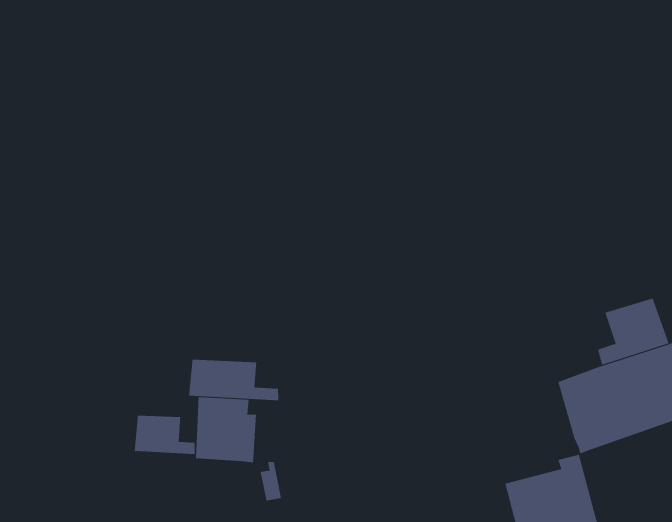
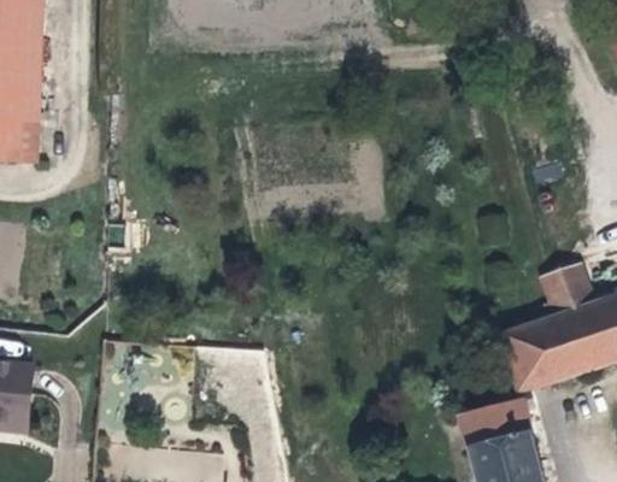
building: [188,359,279,401] -> none
building: [134,415,195,455] -> none

